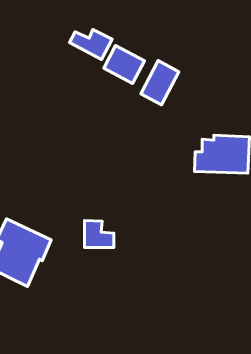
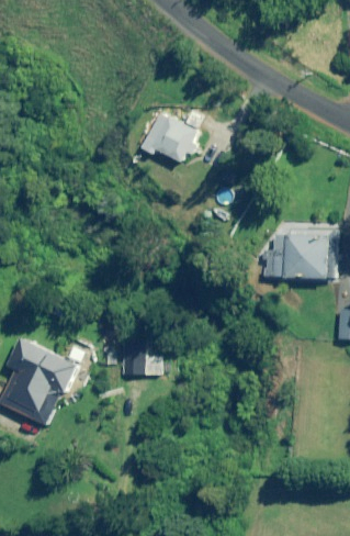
building: [69,30,112,59] -> none
building: [141,61,179,105] -> none

